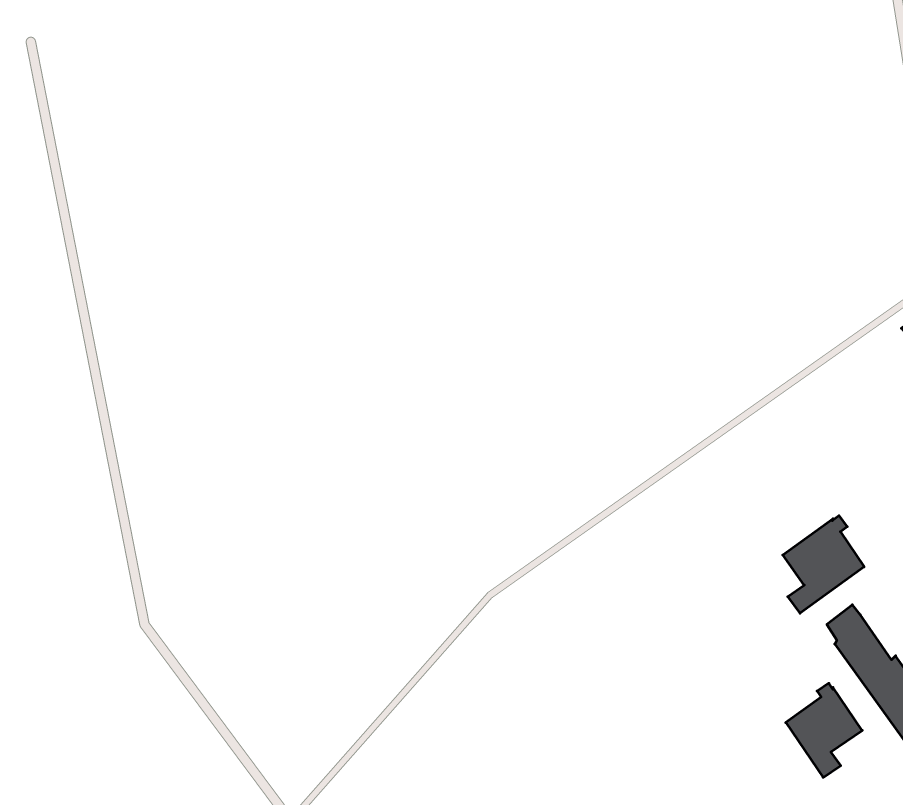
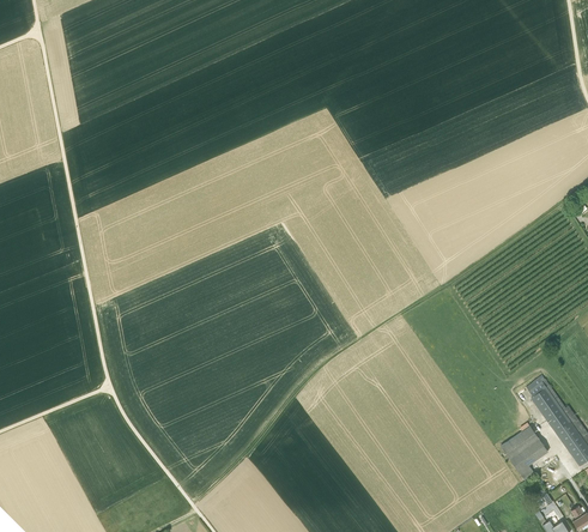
building: [783,516,864,613] -> none

